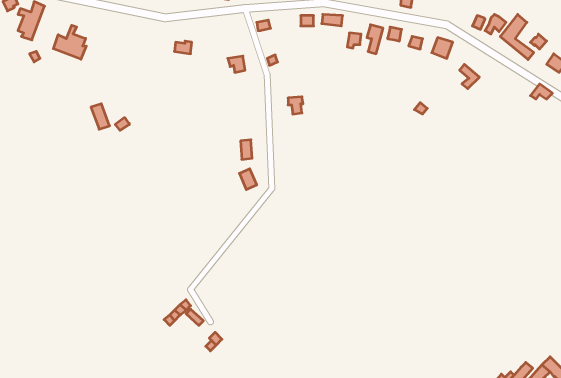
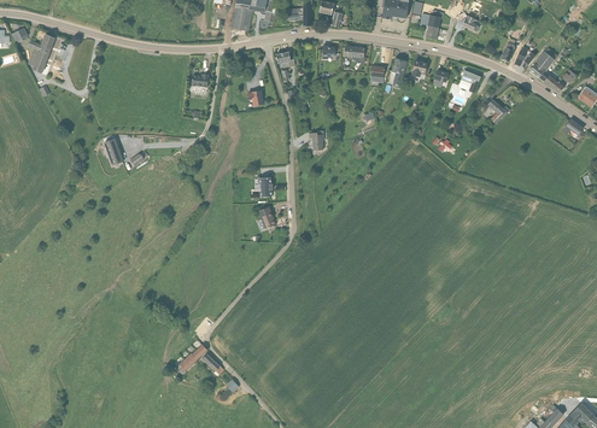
building: [53,25,86,59] -> none

